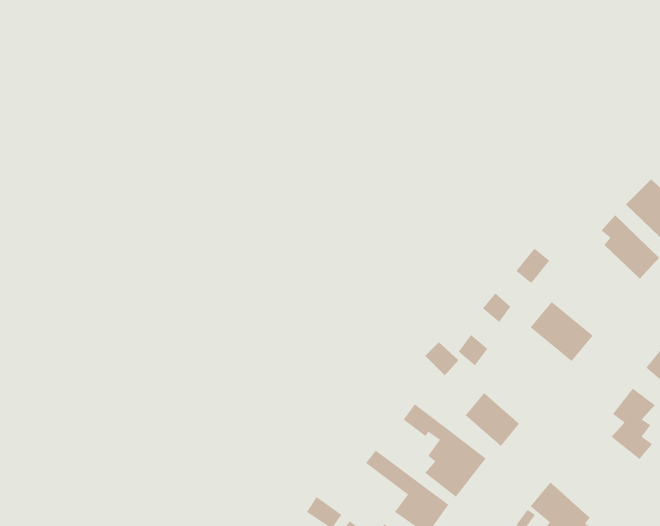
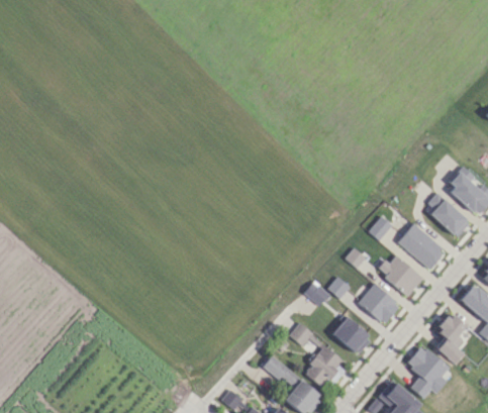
building: none -> [398,224,446,270]
building: none -> [358,284,400,324]
building: none -> [407,345,450,399]

